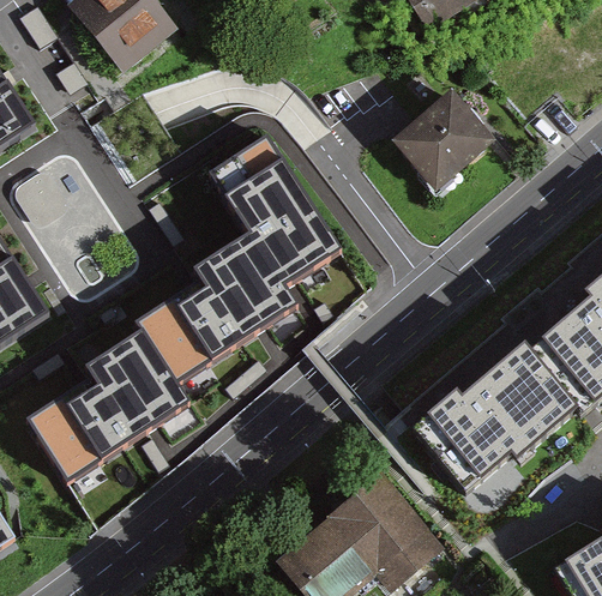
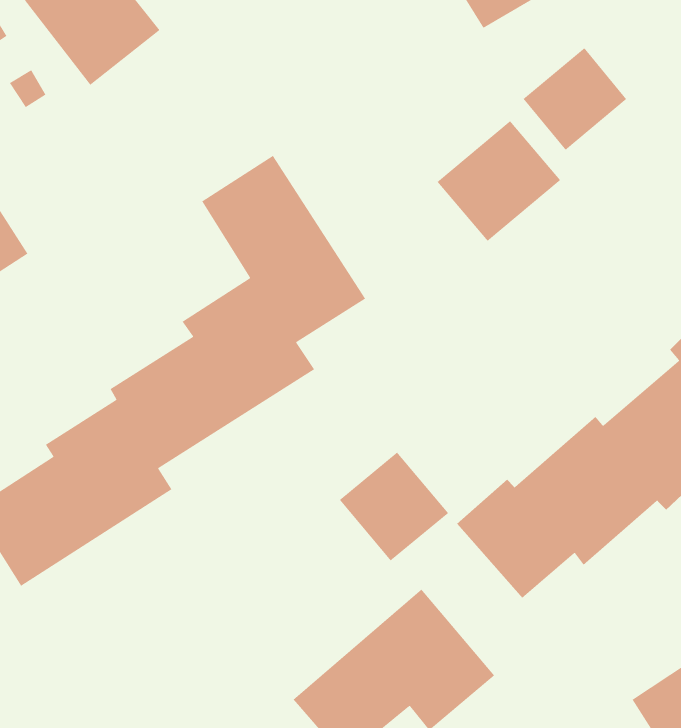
building: none -> [523,47,627,151]
building: none -> [339,451,449,562]

